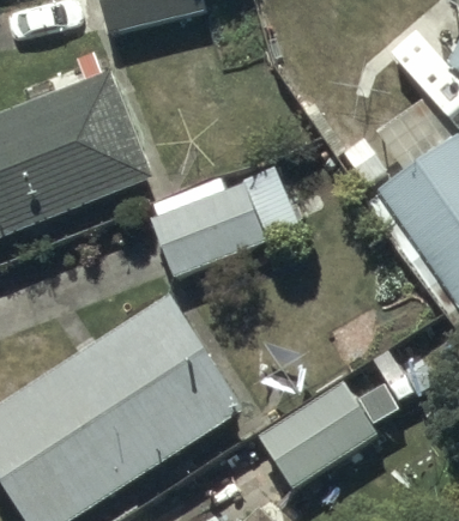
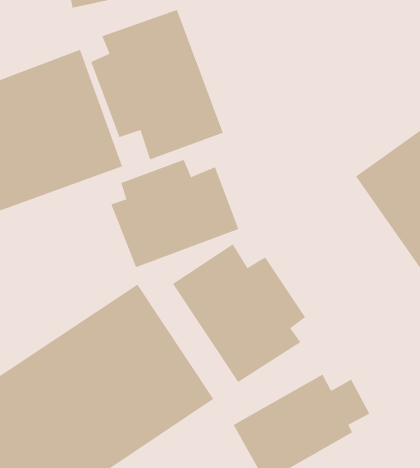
building: none -> [90,9,224,160]
building: none -> [172,244,306,383]

